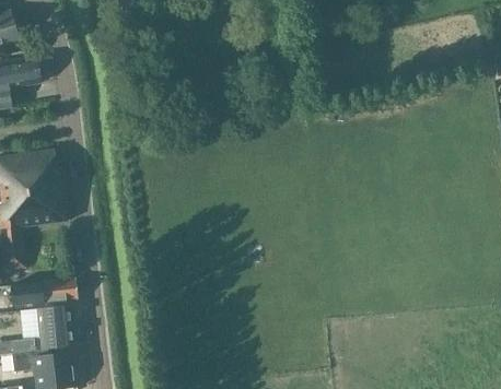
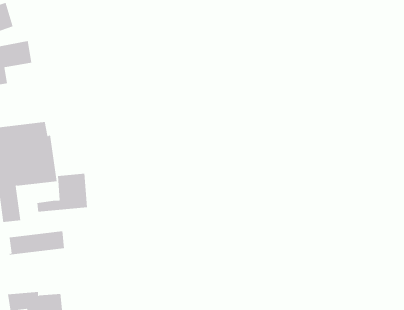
building: [12,306,72,352] -> [37,173,88,212]

